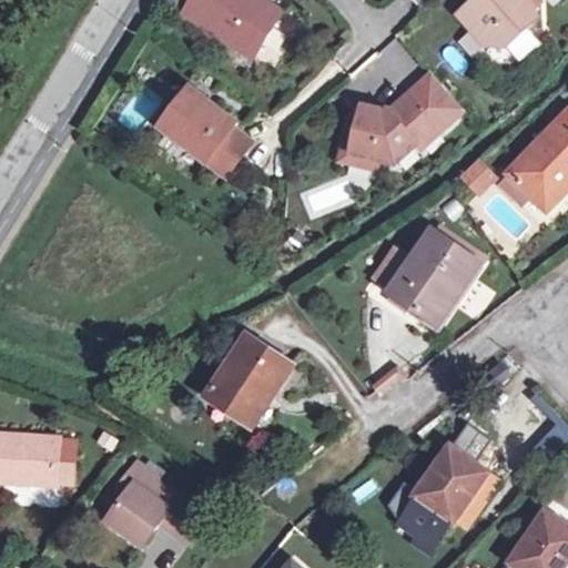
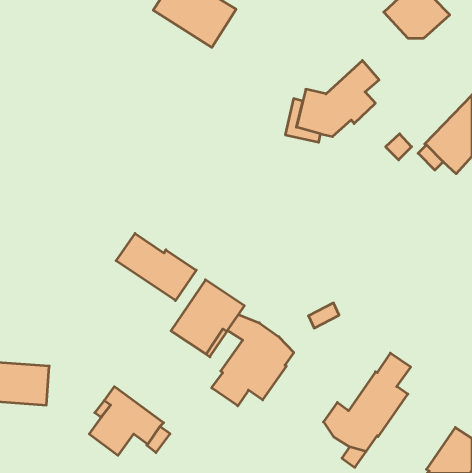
building: [161,88,252,175] -> none
building: [373,229,476,322] -> none
building: none -> [116,233,196,301]
building: none -> [212,315,294,406]

